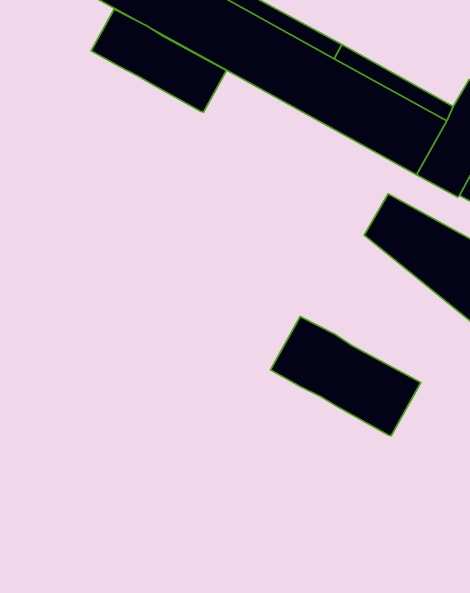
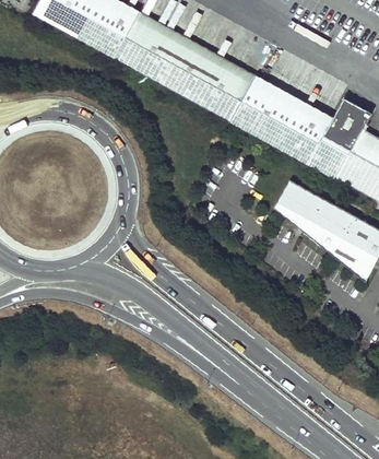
building: [91,9,227,112] -> none
building: [270,317,421,436] -> none

